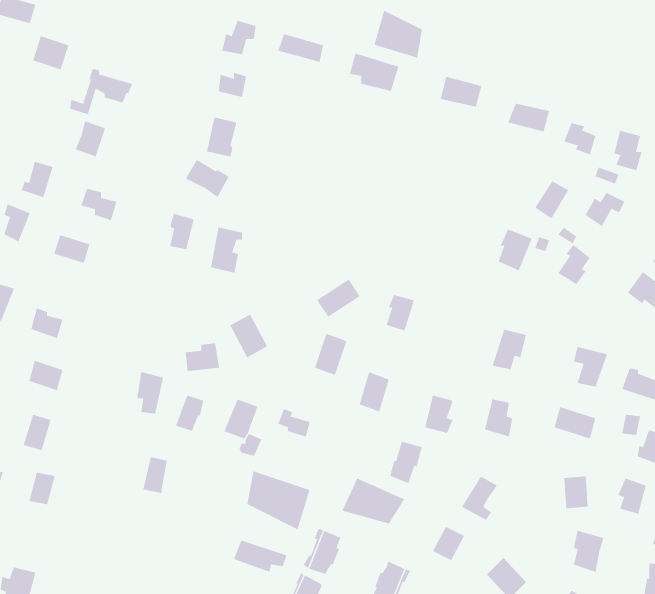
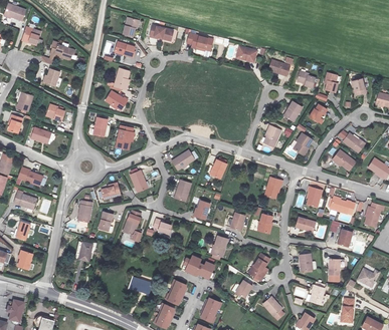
building: [374,10,423,58] -> none
building: [247,471,310,530] -> none

